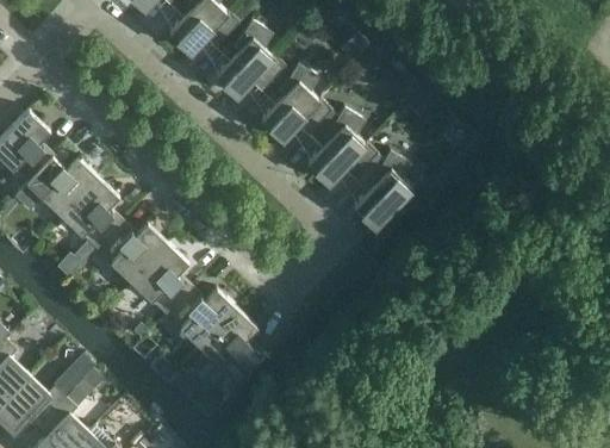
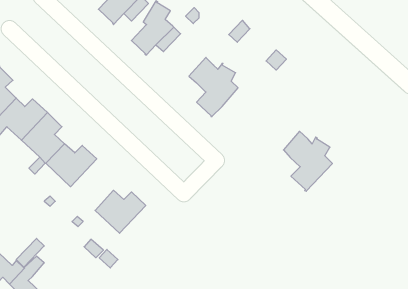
building: [262,66,320,142] -> none
building: [343,144,412,229] -> [283,131,332,191]
building: [130,244,191,317] -> none
building: [199,310,262,384] -> none

